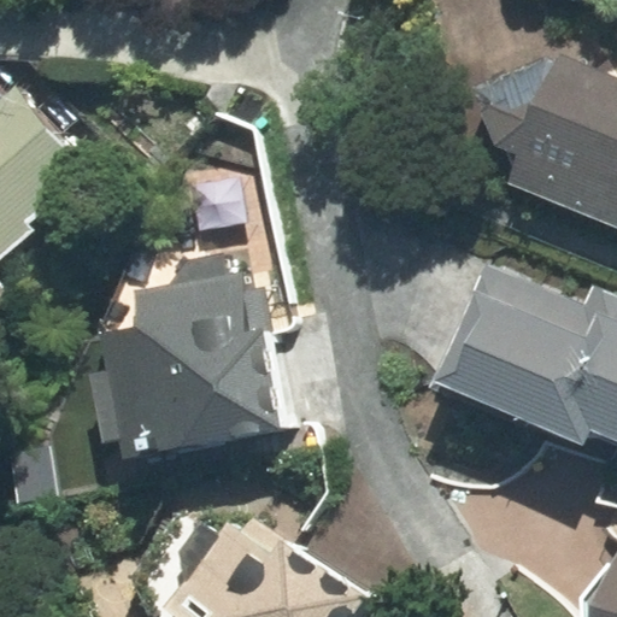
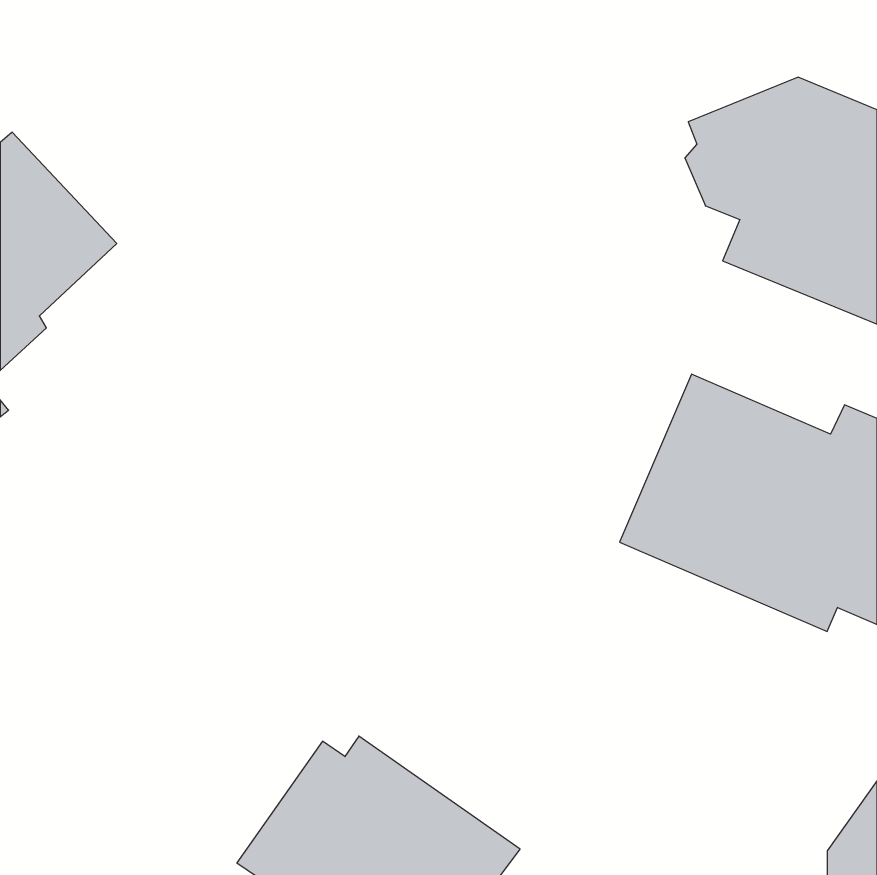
building: [104,271,284,457] -> none

